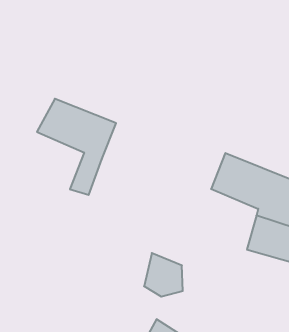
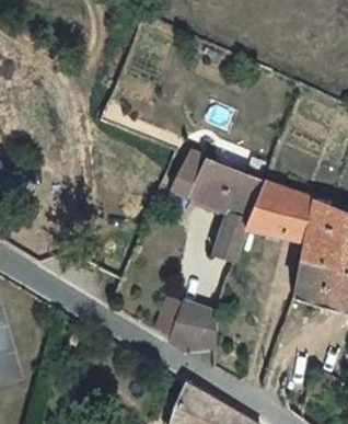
building: [37,99,116,195] -> [172,156,264,267]

